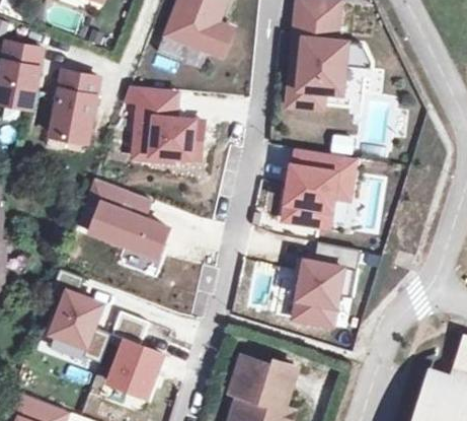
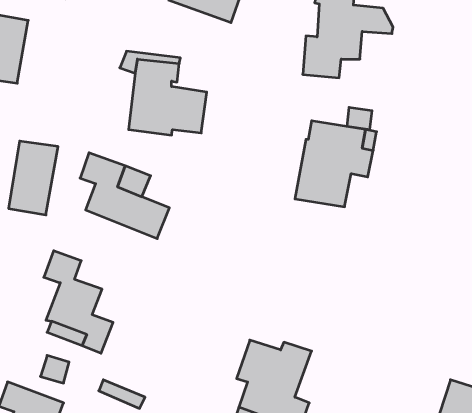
building: [48,78,93,146] -> [9,141,58,215]
building: [292,243,361,327] -> none
building: [112,339,166,396] -> none

